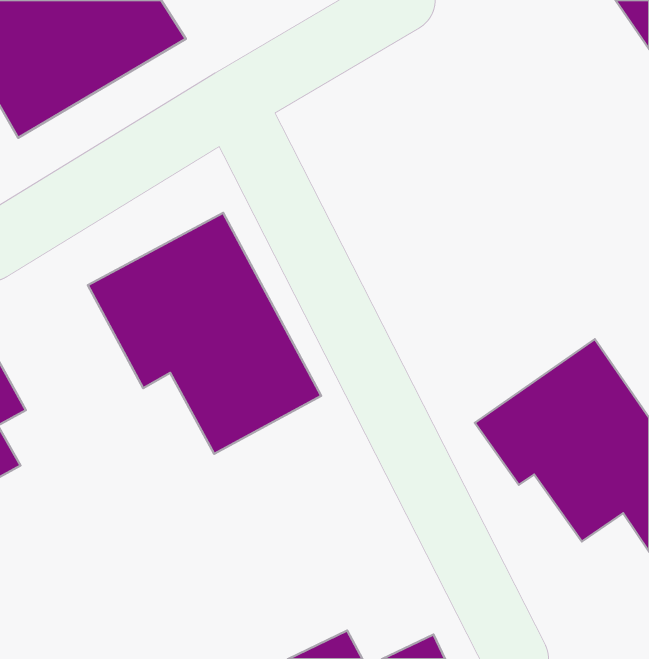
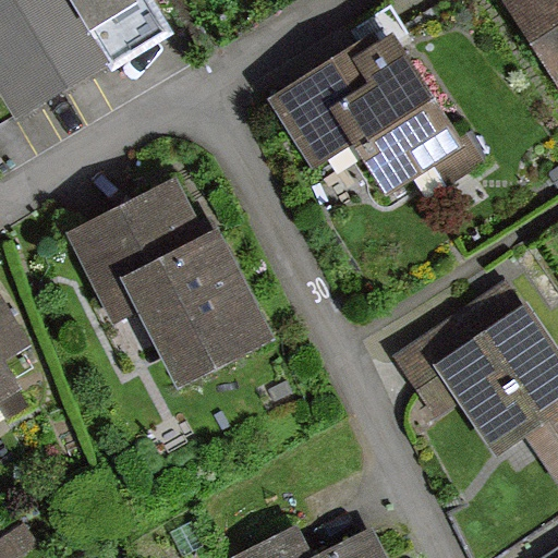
building: none -> [275,33,460,186]

